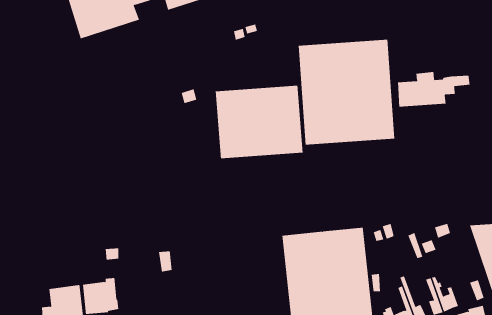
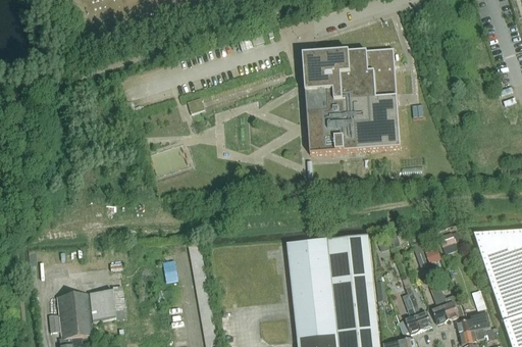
building: [397,71,470,108] -> none
building: [215,85,303,159] -> none

